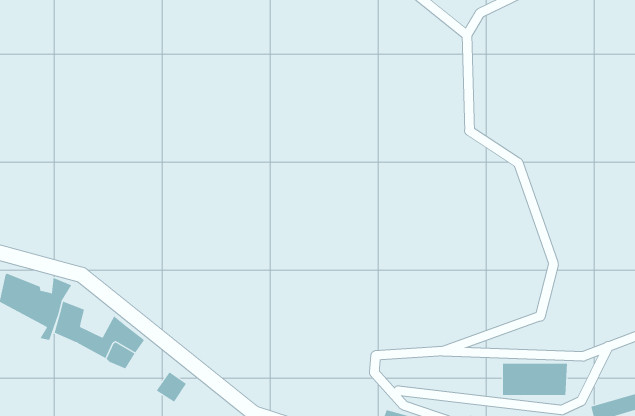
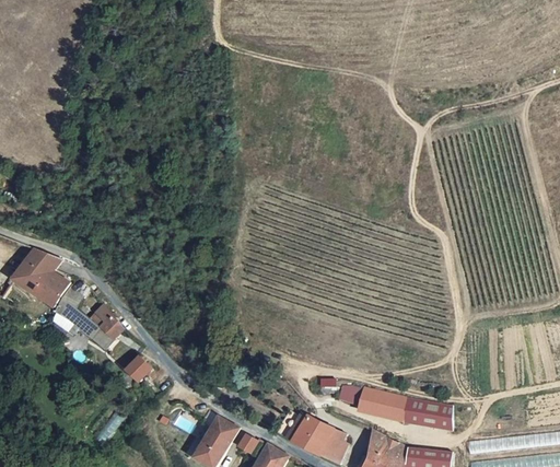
building: none -> [24,245,62,279]
building: none -> [353,386,401,420]

